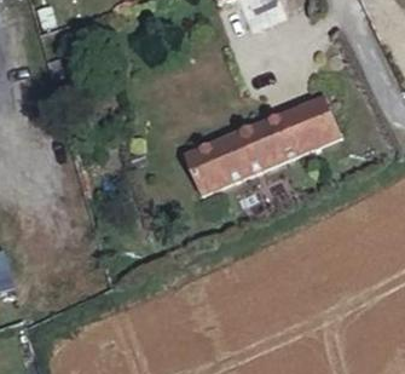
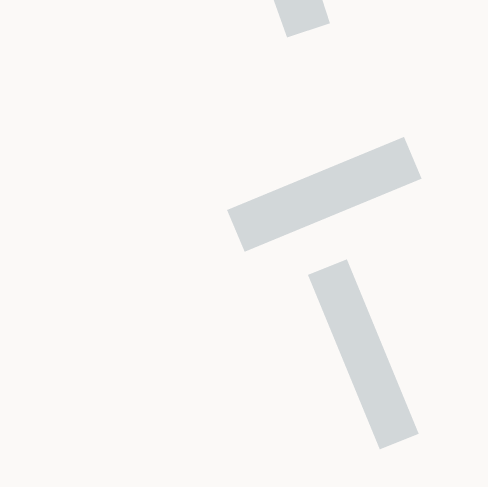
building: none -> [307,258,420,450]

